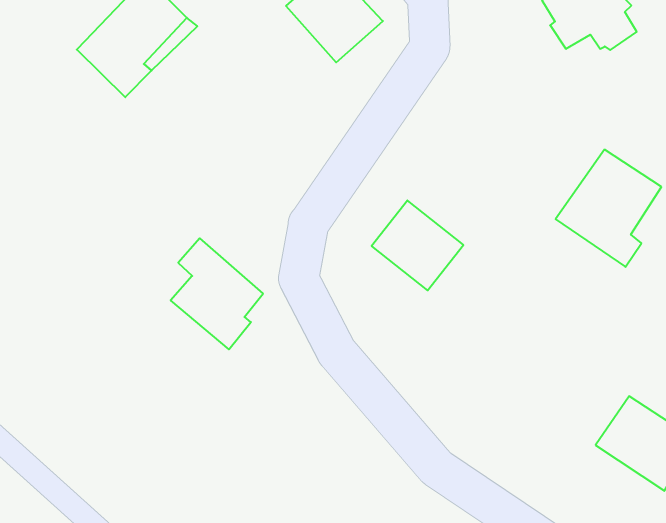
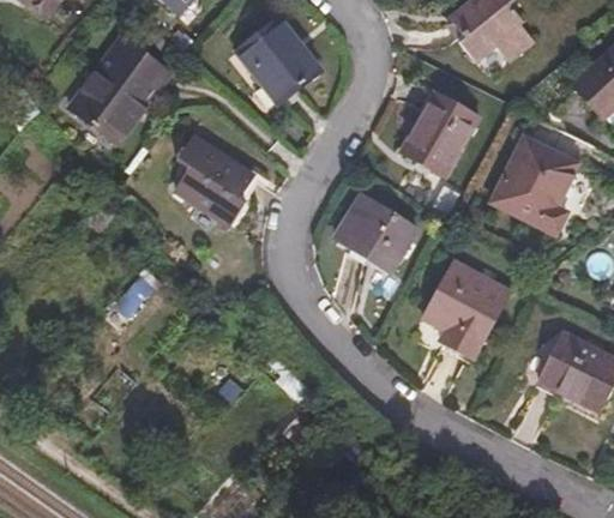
building: none -> [401,96,474,176]
building: [171,238,263,349] -> [181,135,258,225]
building: none -> [426,265,512,360]

